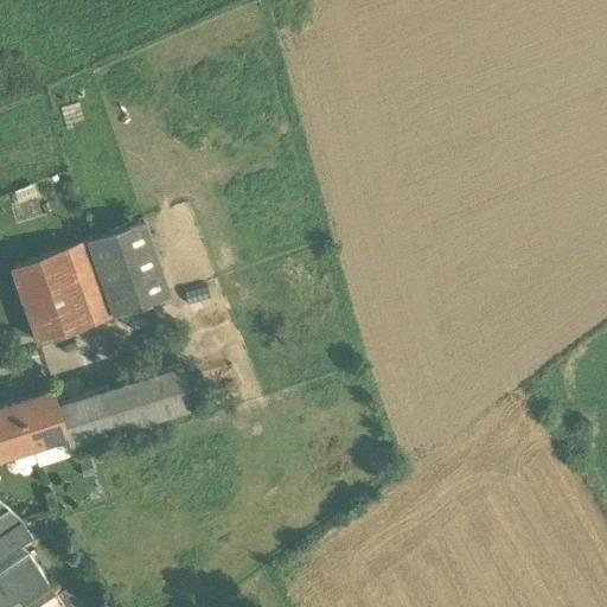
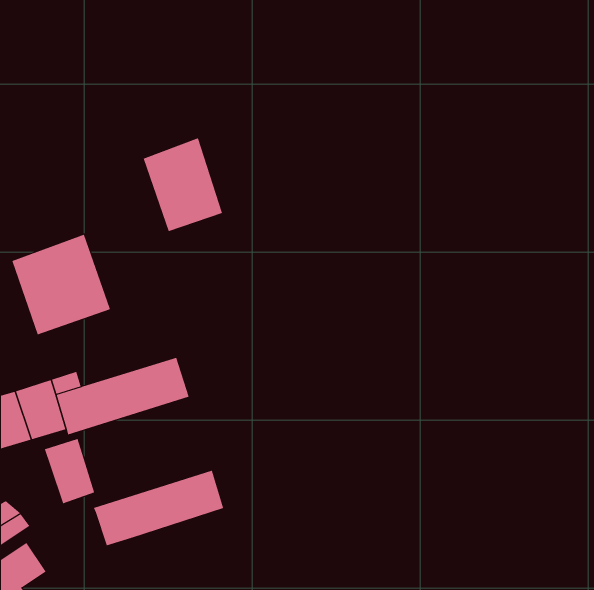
building: [87,223,168,319] -> [143,138,223,232]
building: none -> [44,438,95,504]
building: none -> [93,470,224,546]

